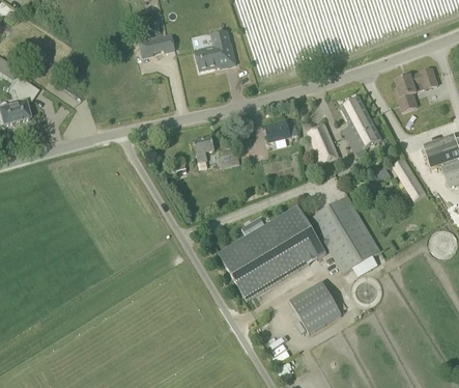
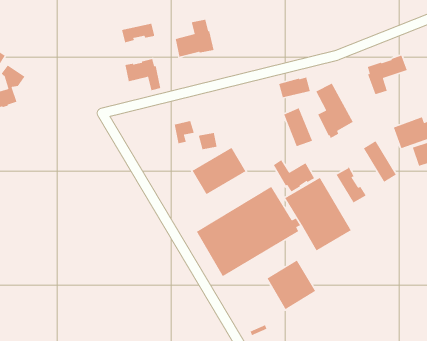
building: none -> [124,58,161,91]
building: [264,118,298,141] -> [278,76,311,98]
building: none -> [192,147,246,195]
building: none -> [273,159,315,193]
building: none -> [336,166,367,204]

